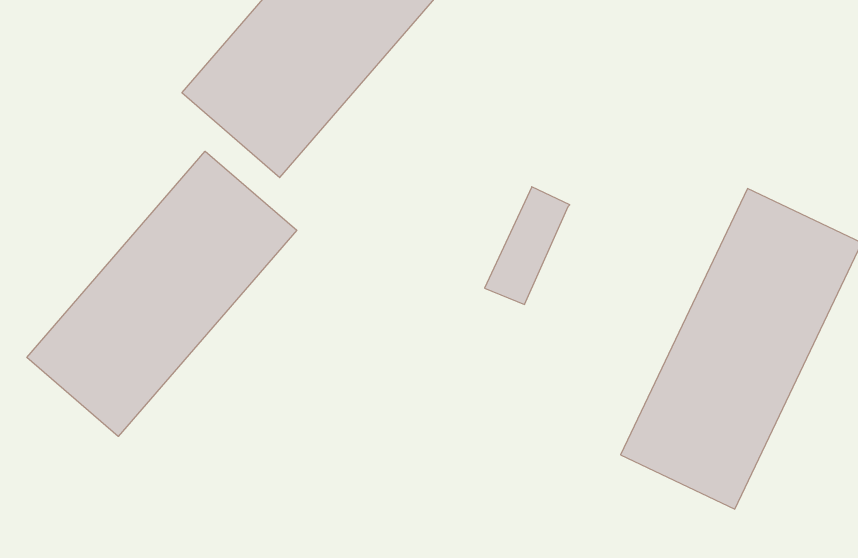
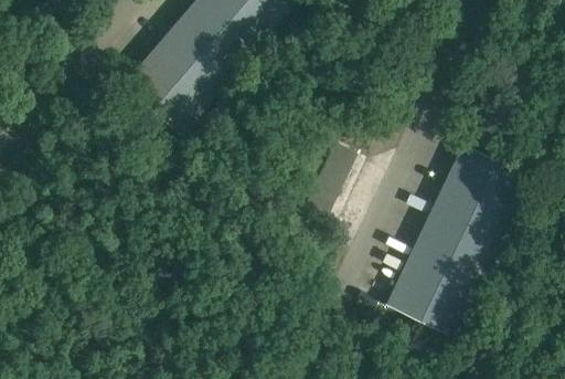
building: [27,151,297,436] -> none

